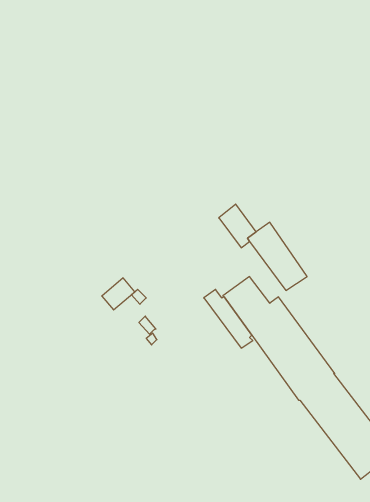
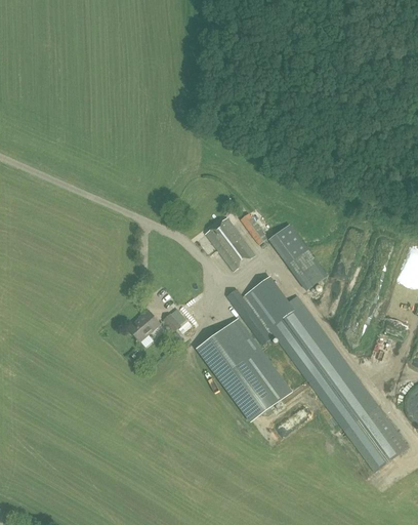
building: none -> [205,217,254,271]
building: [102,278,135,310] -> [127,311,159,341]
building: none -> [197,320,288,420]

